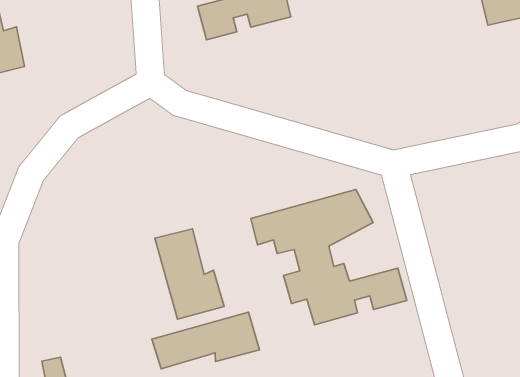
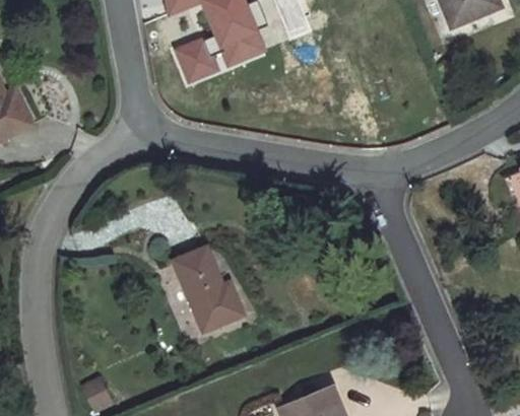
building: [251,189,407,325] -> none
building: [152,312,260,369] -> none

